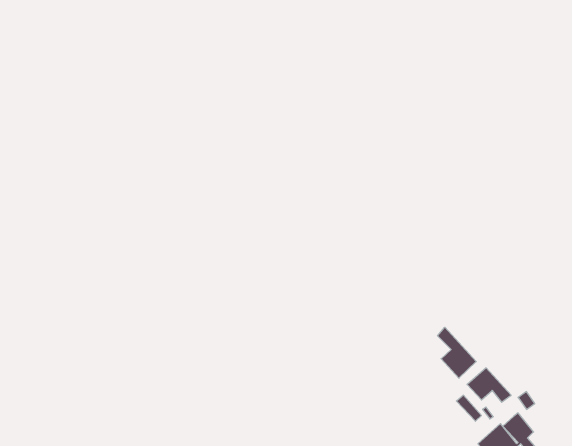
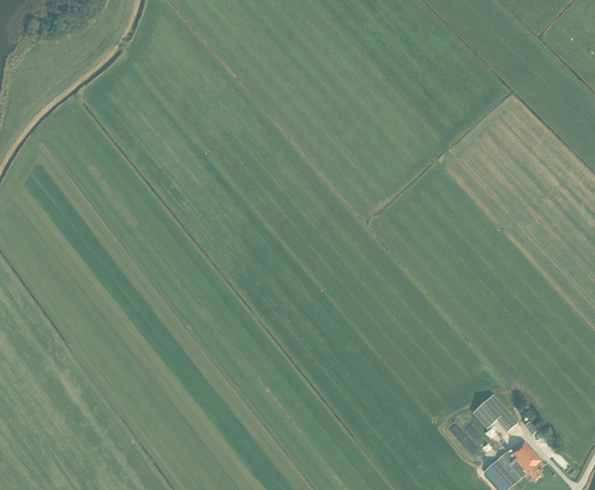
building: [438,327,476,378] -> none

